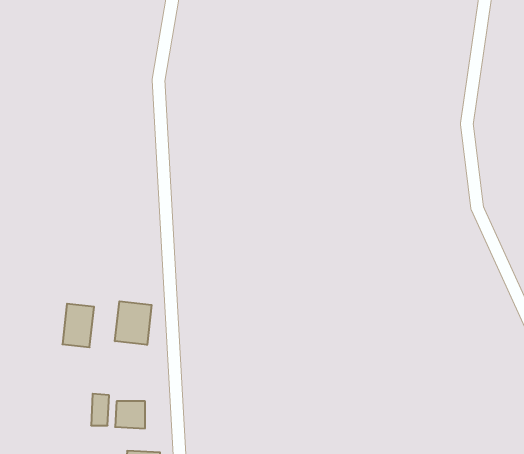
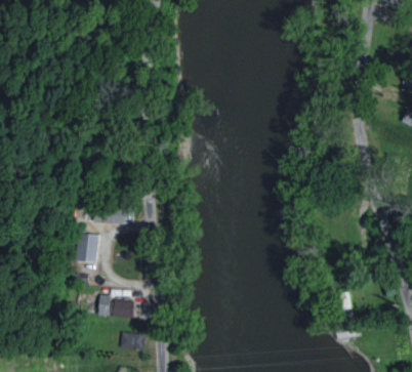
building: [115,301,152,345] -> none

